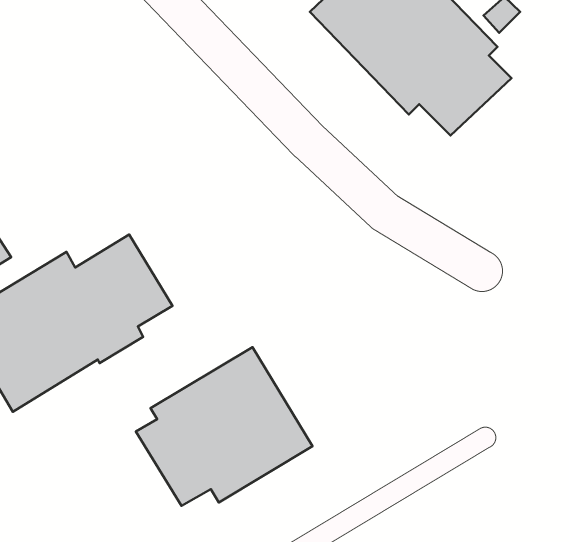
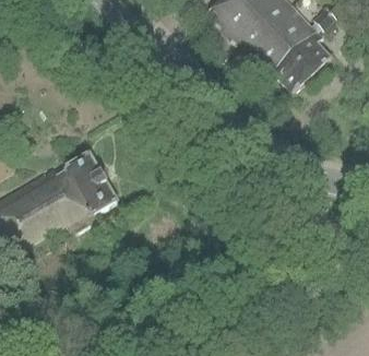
building: [136,347,312,506] -> none

